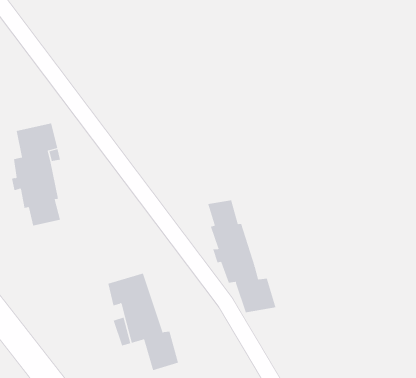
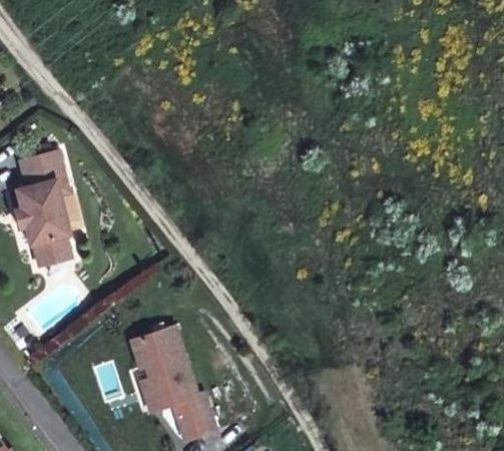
building: [208,199,276,313] -> none

